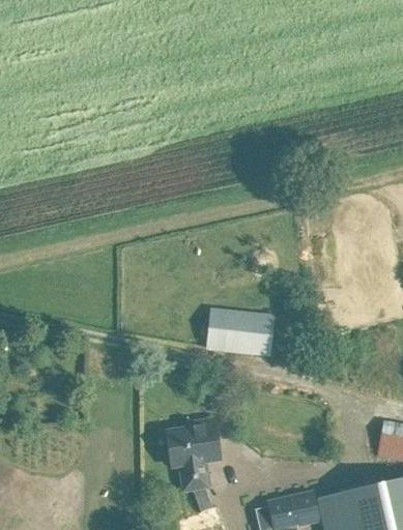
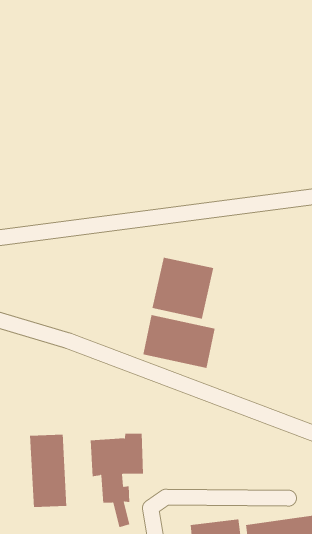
building: none -> [152,257,214,320]
building: none -> [30,434,67,508]

